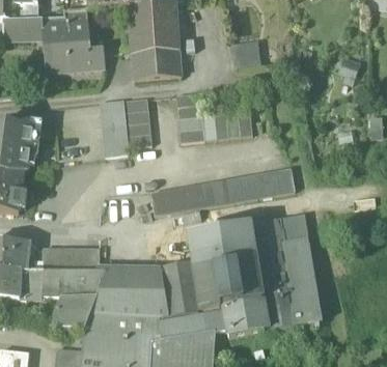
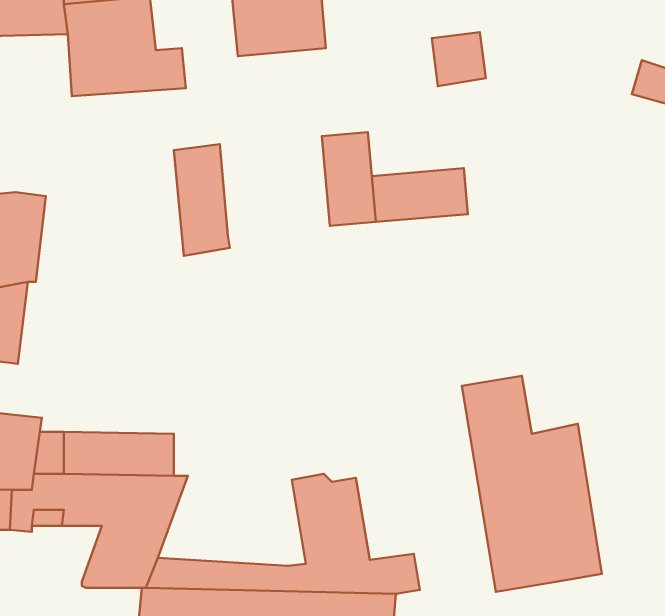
building: [133,48,182,78] -> none
building: [123,95,153,145] -> none
building: [150,168,295,215] -> none
building: [280,214,309,248] -> none
building: [188,223,267,336] -> none
building: [91,269,168,316] -> none

